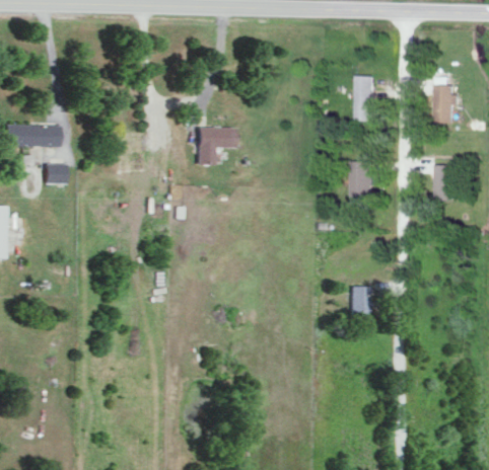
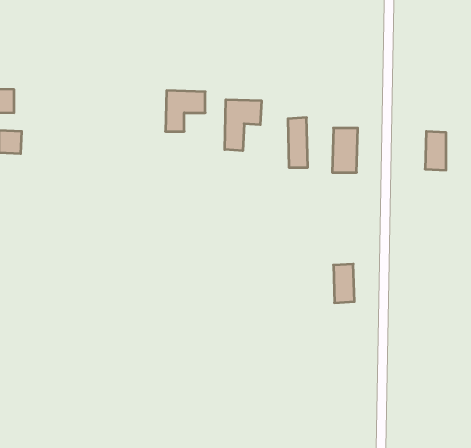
building: [355,75,373,121] -> [288,118,308,167]
building: [435,84,460,123] -> none
building: none -> [225,100,261,151]

